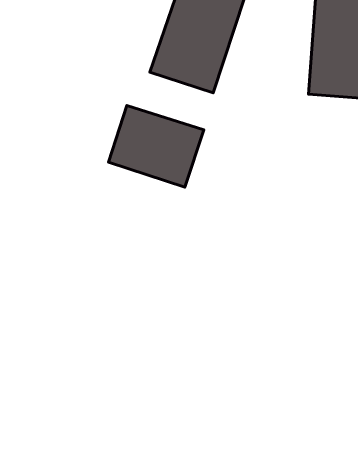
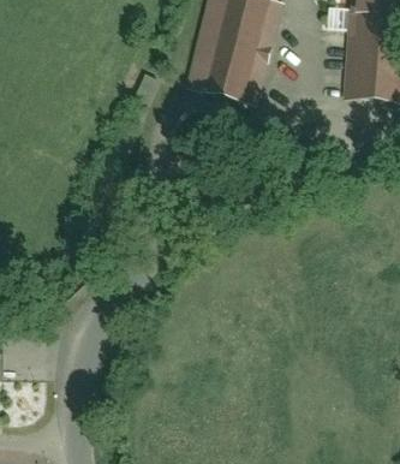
building: [109,105,204,187] -> none

